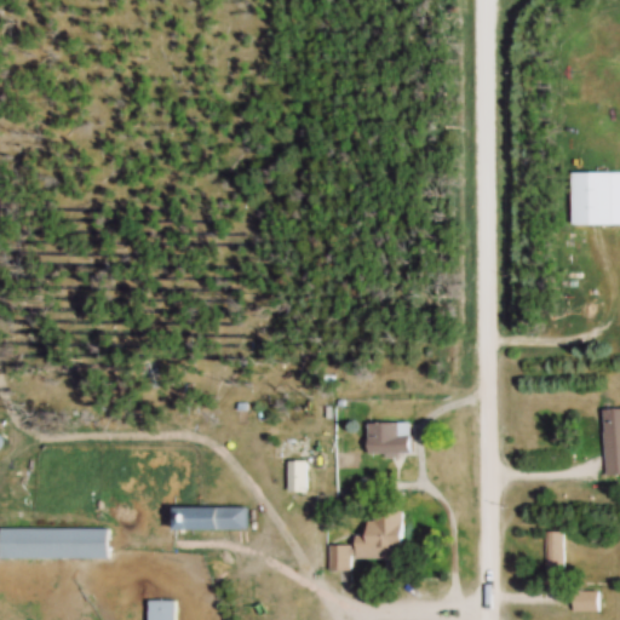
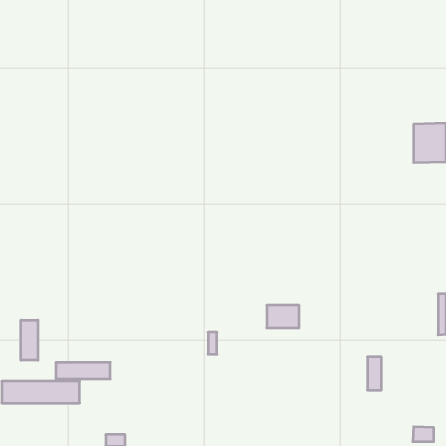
building: none -> [21,320,38,360]
building: [171,507,246,530] -> [56,362,110,379]
building: [327,510,408,572] -> none
building: [542,532,562,578] -> [367,357,381,390]

